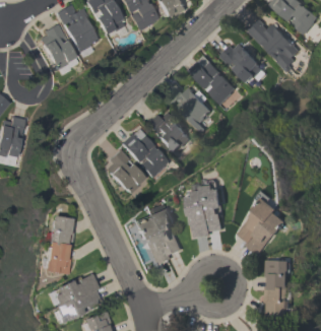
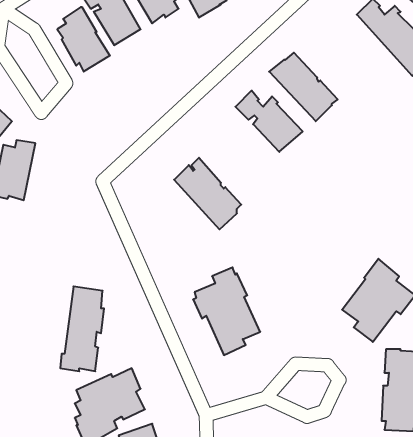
building: [220,42,262,81] -> none
building: [147,112,190,151] -> none
building: [107,149,145,193] -> none
building: [187,179,224,237] -> none

